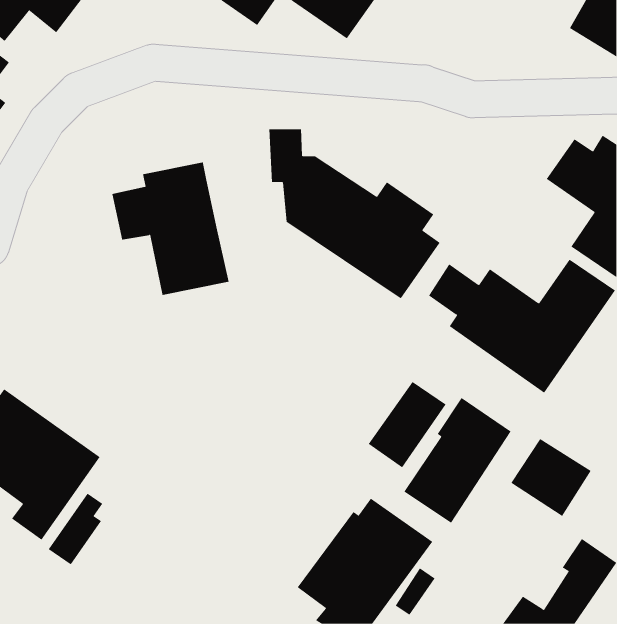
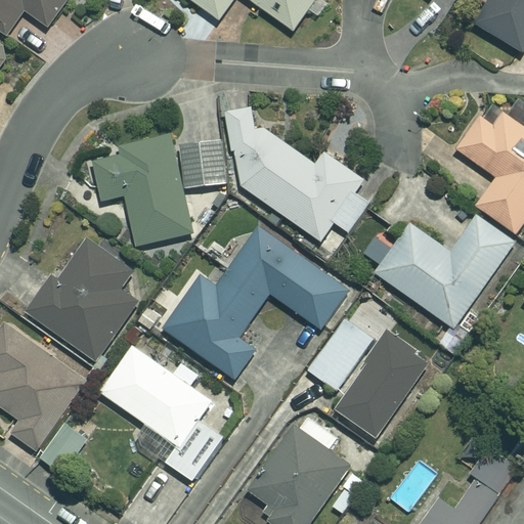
building: none -> [173,140,228,189]
building: none -> [162,226,348,380]
building: none -> [25,239,149,361]
building: none -> [100,346,222,481]
building: [510,438,592,517] -> none

